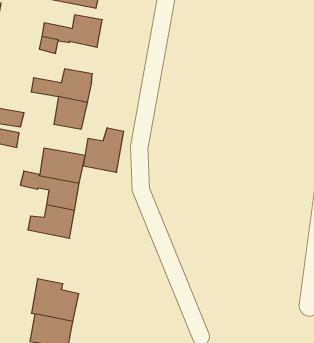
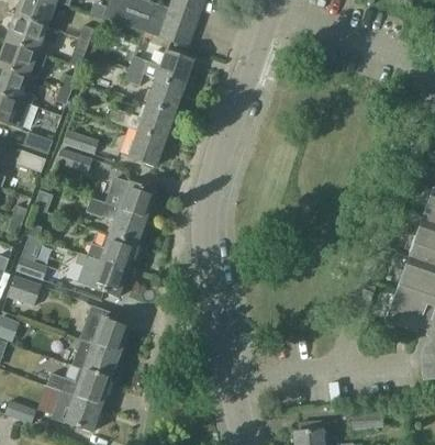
building: none -> [146,77,181,112]
building: [84,128,123,173] -> none
building: none -> [76,254,126,296]

